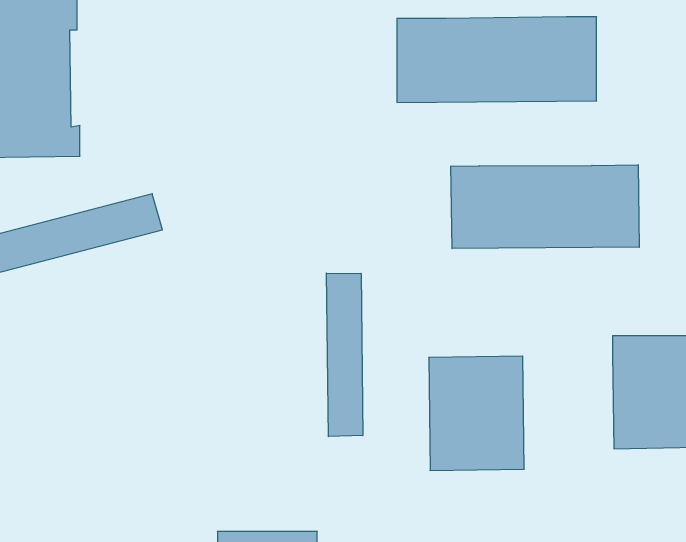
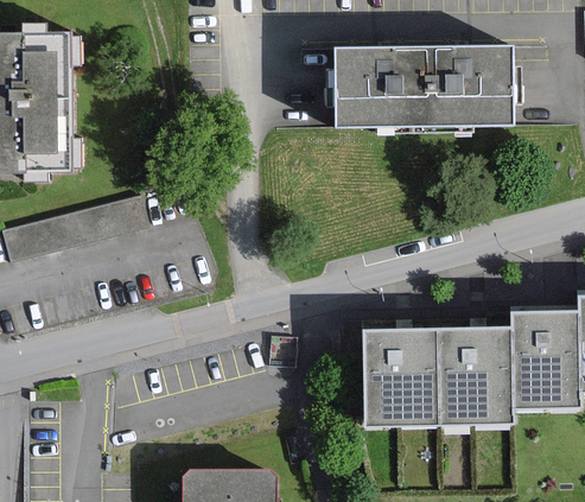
building: [451,165,639,249] -> none
building: [326,273,363,437] -> none
building: none -> [441,328,516,421]

